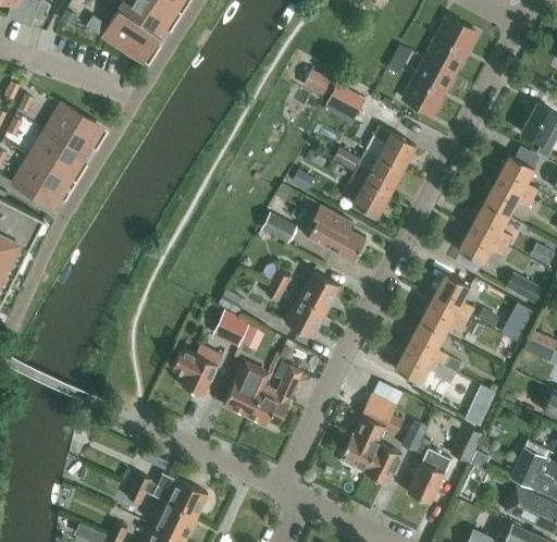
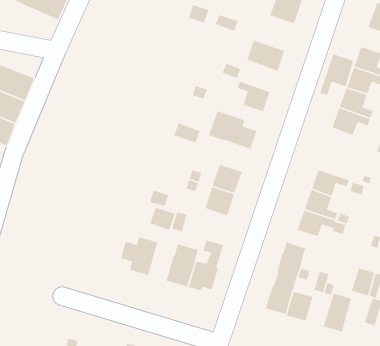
building: [354,150,403,194] -> none
building: none -> [319,53,354,96]
building: [432,273,473,318] -> none

